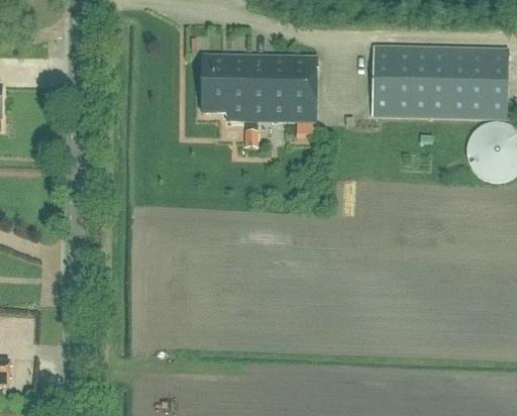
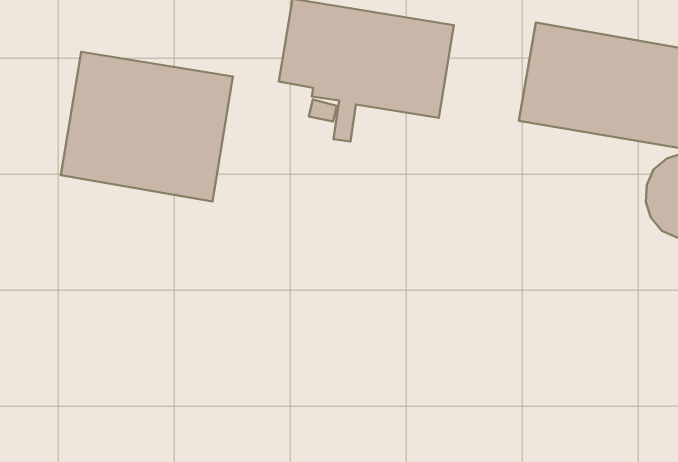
building: none -> [61,52,233,202]

